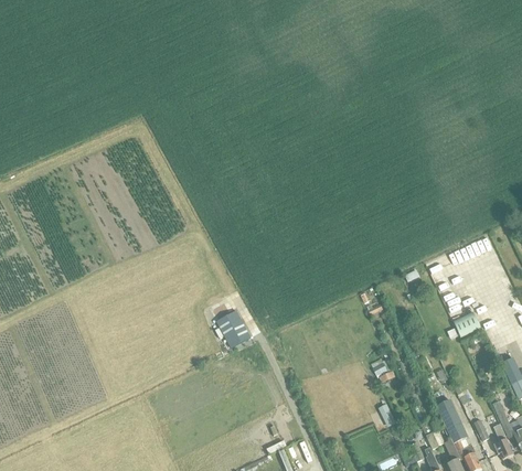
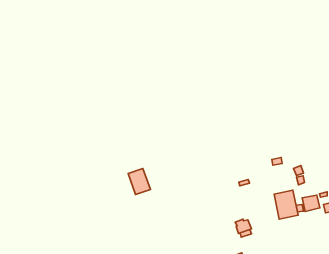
building: none -> [274,190,298,219]

